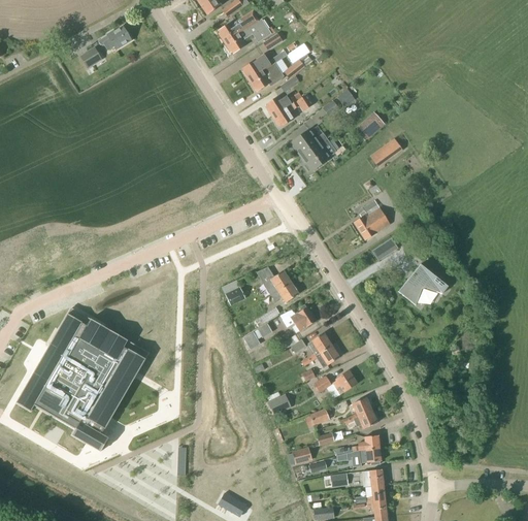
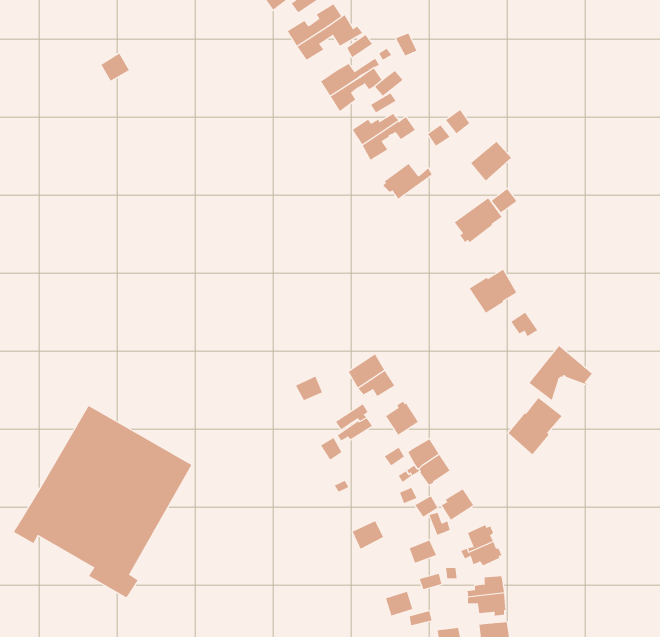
building: [97,27,130,50] -> none
building: [300,136,336,170] -> [454,197,502,243]
building: none -> [508,397,562,455]

